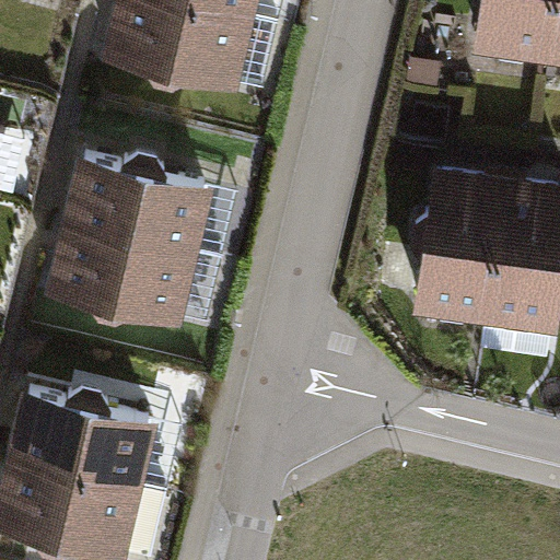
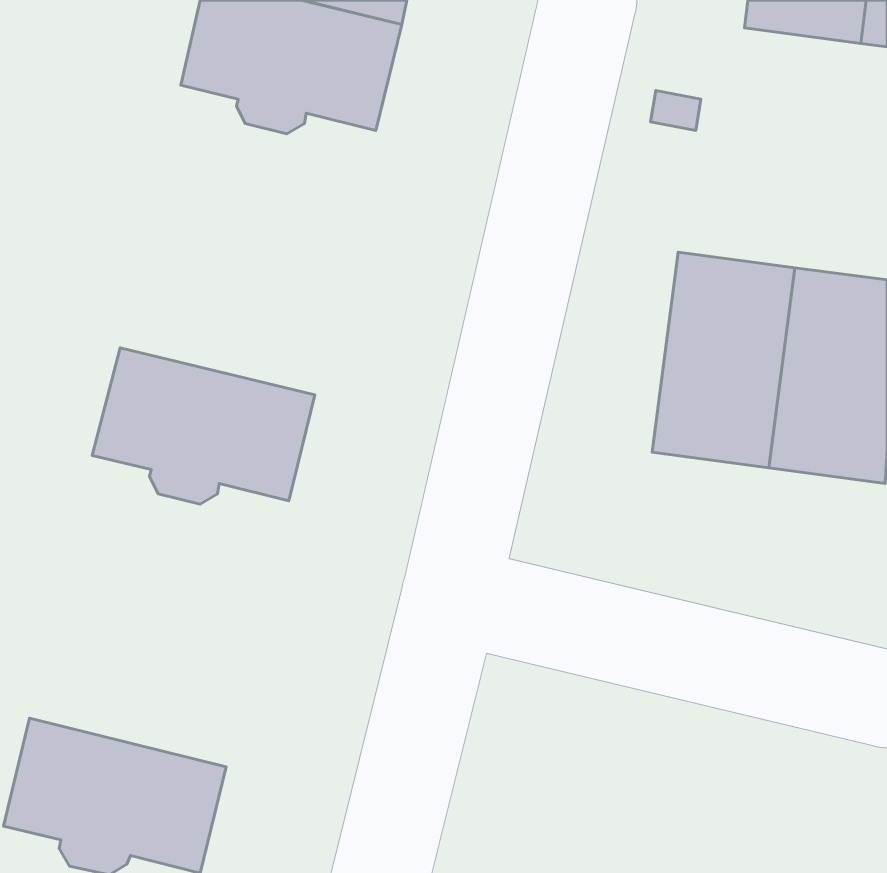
building: [75,158,214,258] -> none
building: [19,392,159,492] -> none

